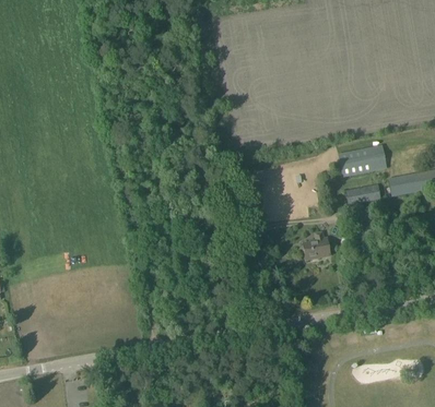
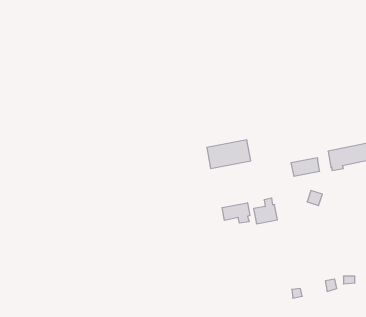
building: [337,144,387,177] -> [207,140,251,169]
building: none -> [222,203,250,223]

